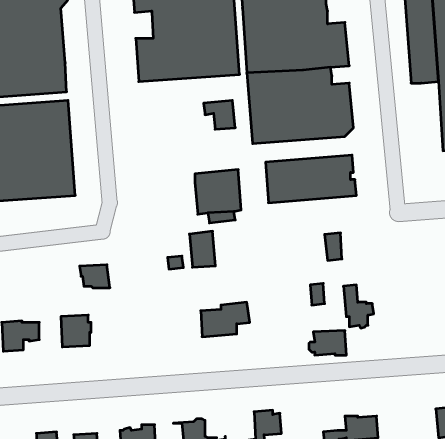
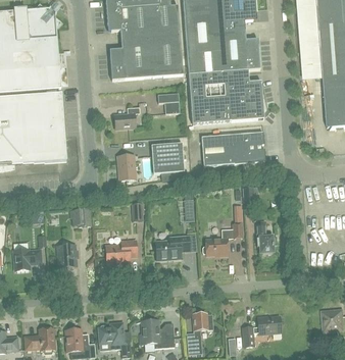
building: none -> [114,105,140,127]
building: [189,231,215,267] -> [117,153,136,178]
building: none -> [105,239,137,263]
building: [309,331,346,355] -> [202,237,229,254]

